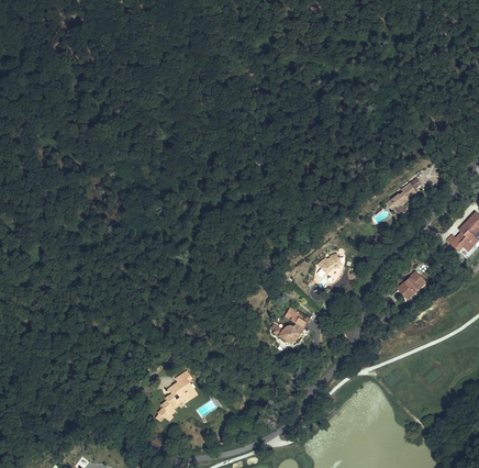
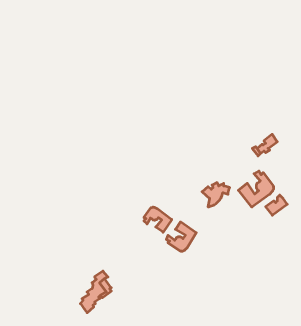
building: none -> [238,171,274,207]
building: none -> [144,207,172,232]

